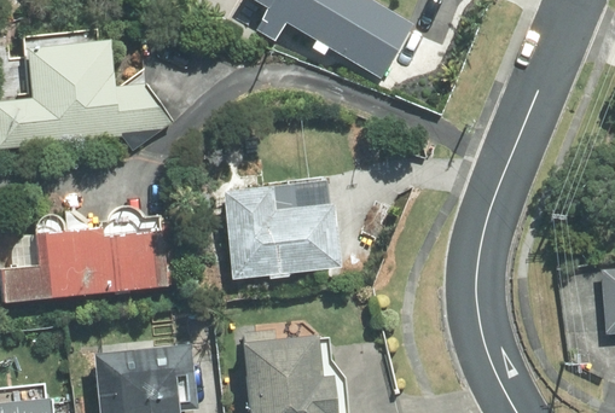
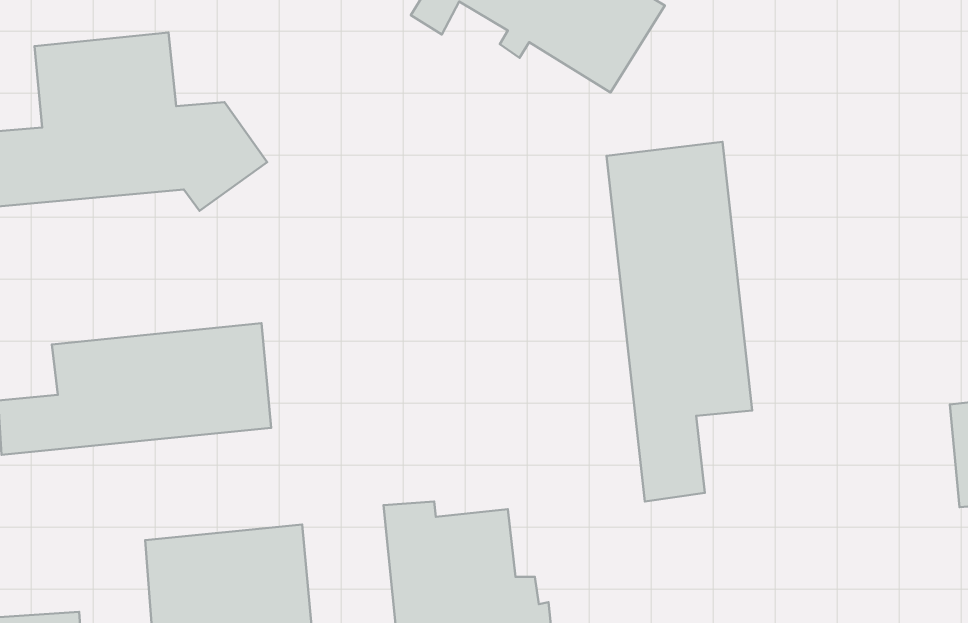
building: none -> [607,142,752,502]
building: [224,188,342,281] -> none

